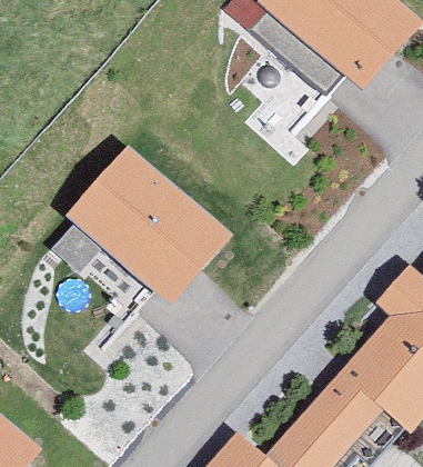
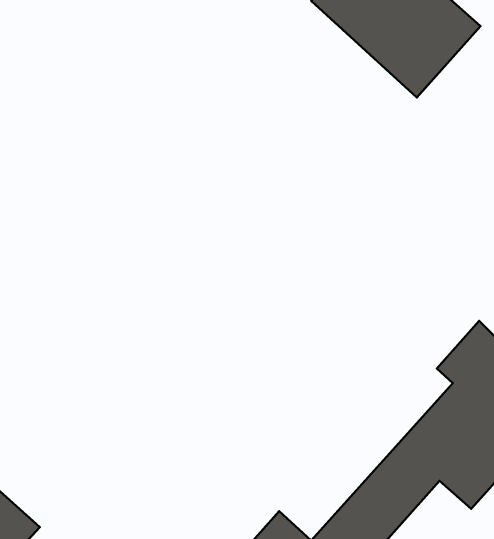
building: [73,156,223,304] -> none

